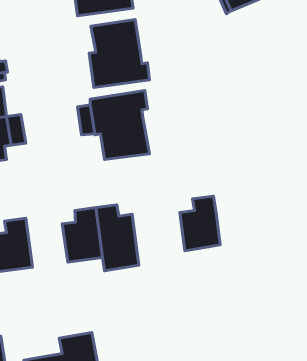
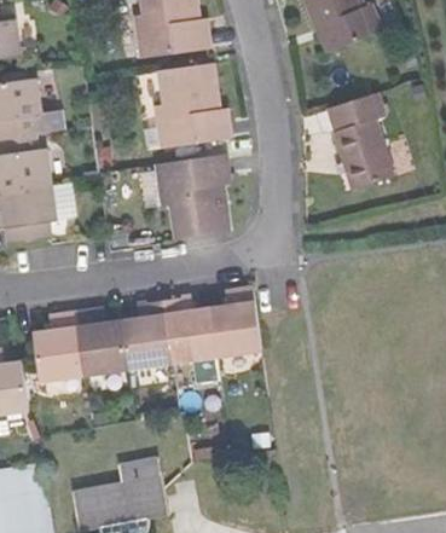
building: none -> [328,93,393,191]
building: [180,196,220,251] -> [209,288,260,357]
building: none -> [75,308,128,375]

